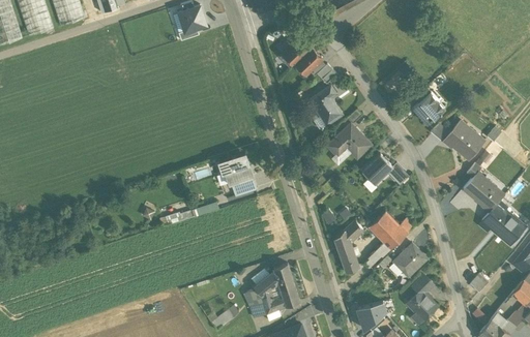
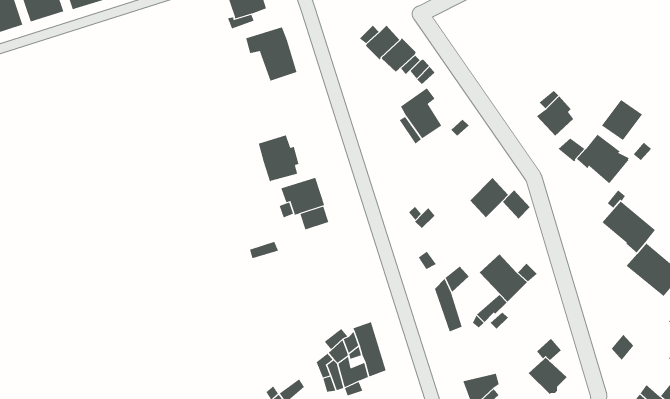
building: none -> [245,27,297,82]
building: none -> [601,99,643,141]
building: none -> [258,134,299,183]
building: [327,124,371,158] -> none
building: [393,244,424,276] -> none

